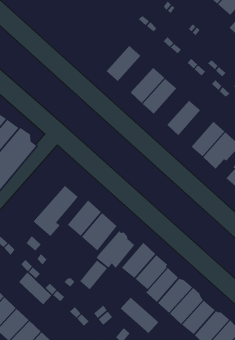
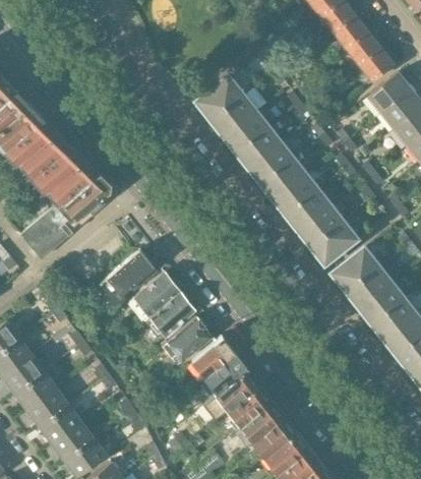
building: none -> [199,76,246,122]
building: none -> [225,111,270,153]
building: none -> [261,158,307,199]
building: none -> [287,189,332,231]
building: [79,260,108,291] -> none
building: [18,271,52,305] -> none
building: [120,297,159,334] -> none

